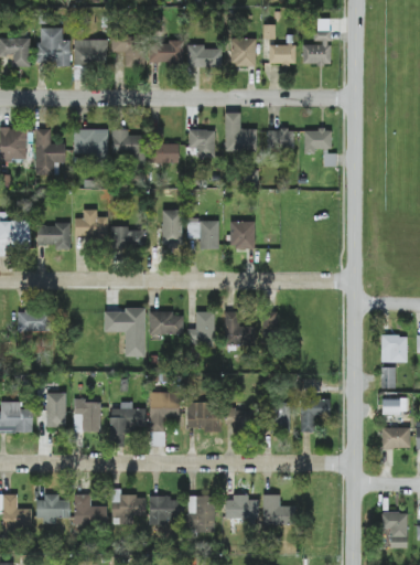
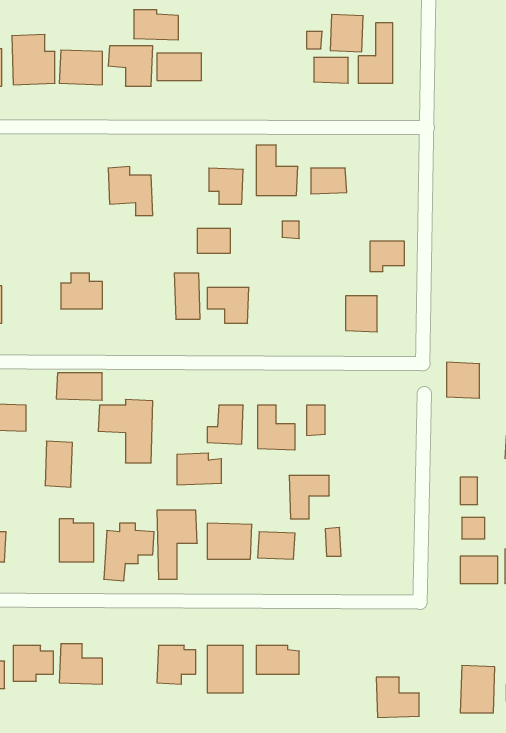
building: [230,38,256,66] -> [330,14,363,52]
building: [187,44,222,67] -> [134,10,178,40]
building: [35,128,65,174] -> none
building: [74,129,108,159] -> none
building: [304,129,331,152] -> [370,241,404,271]
building: [153,143,179,162] -> [197,229,230,253]
building: [230,221,255,248] -> [346,296,377,332]
building: [37,223,69,245] -> none
building: [110,227,146,248] -> [56,373,102,400]
building: [149,310,183,334] -> [177,453,222,485]
building: [381,334,407,362] -> [447,362,480,398]
building: [45,392,66,427] -> [45,441,72,487]
building: [300,398,331,431] -> [289,476,329,519]
building: [111,493,146,524] -> none
building: [262,493,295,524] -> [376,677,419,717]

